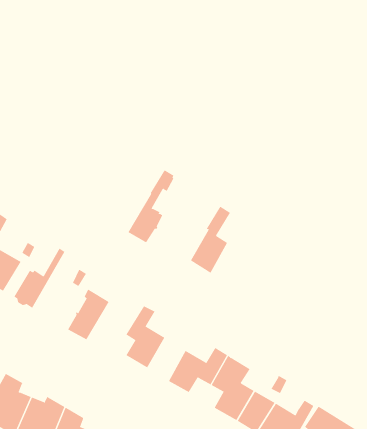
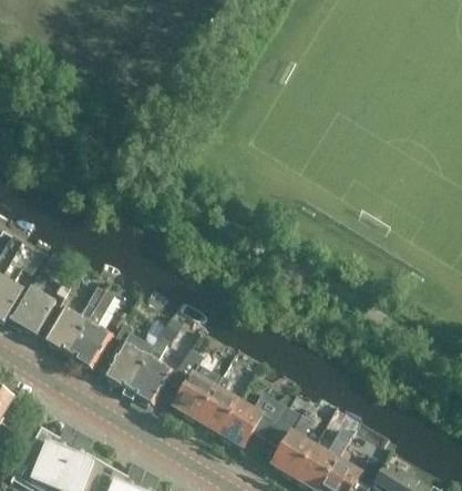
building: [128,170,174,243] -> [129,318,181,400]
building: [190,206,231,273] -> [196,358,242,433]
building: none -> [68,289,113,365]

